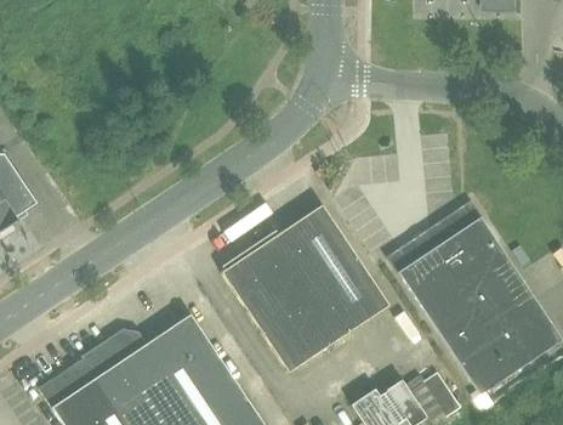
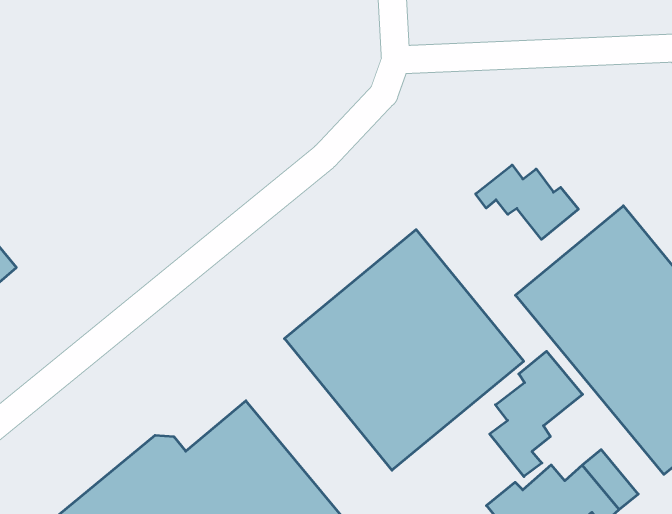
building: none -> [476,165,578,239]
building: none -> [490,351,583,477]

